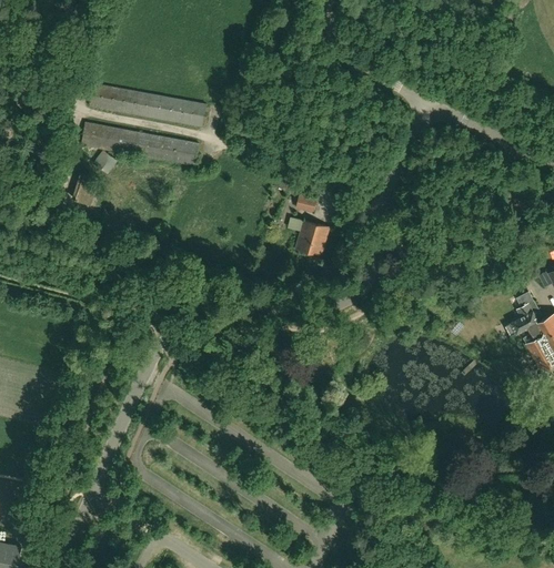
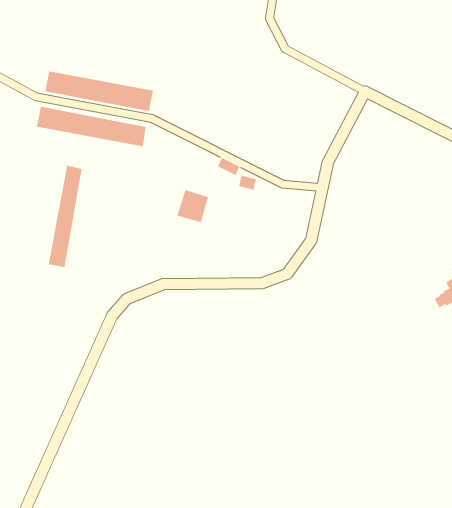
building: none -> [48,165,82,268]
building: [295,220,330,255] -> [177,190,209,223]

